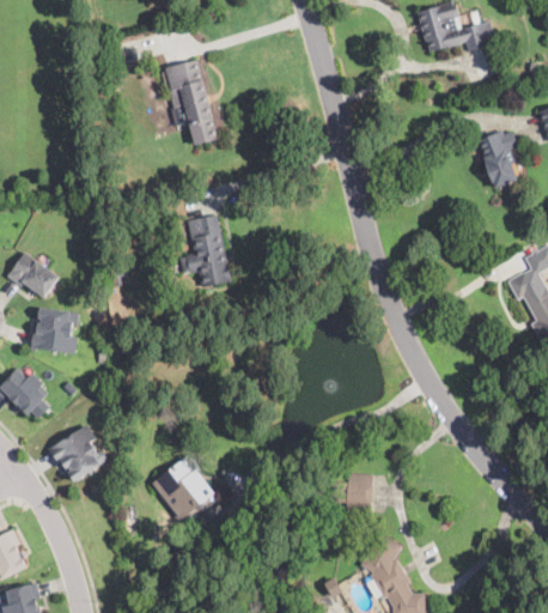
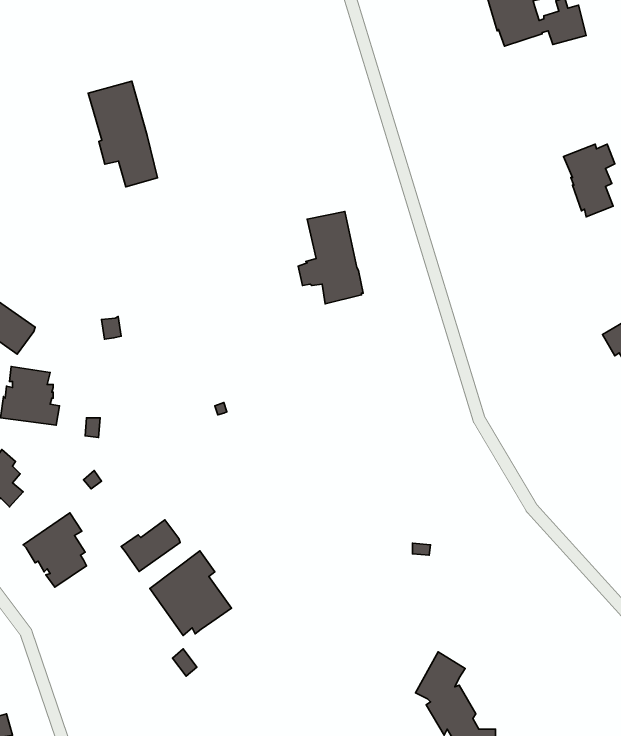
building: [163,60,218,144] -> [88,81,158,187]
building: [179,214,231,287] -> [298,212,363,304]
building: none -> [121,520,180,571]
building: [336,473,371,512] -> none

